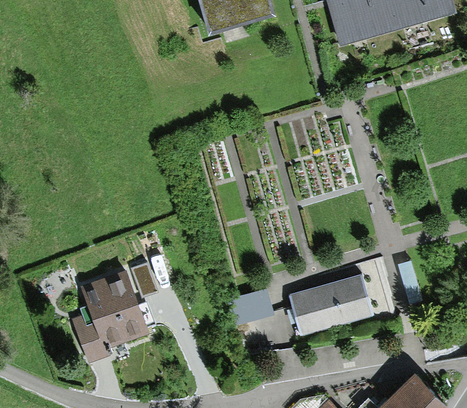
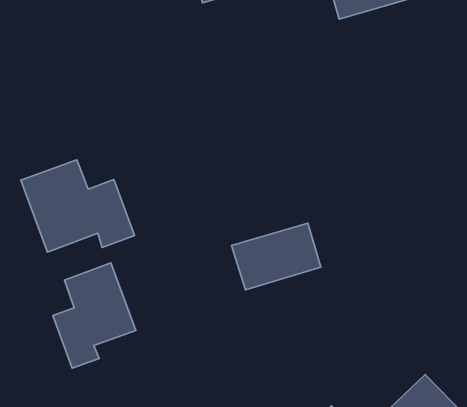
building: none -> [21,160,134,252]
building: [288,273,371,335] -> [232,223,321,290]

